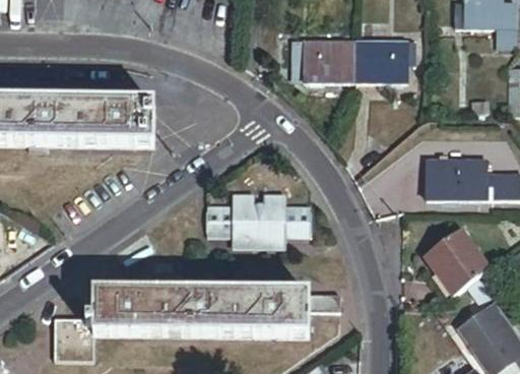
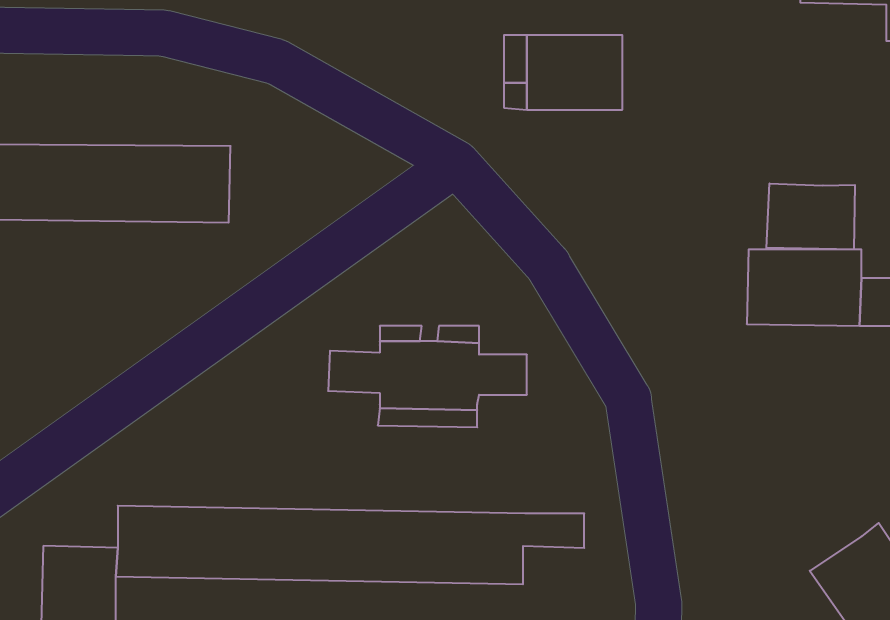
building: [360,43,412,82] -> none
building: none -> [766,183,855,249]
building: [422,231,490,298] -> none

